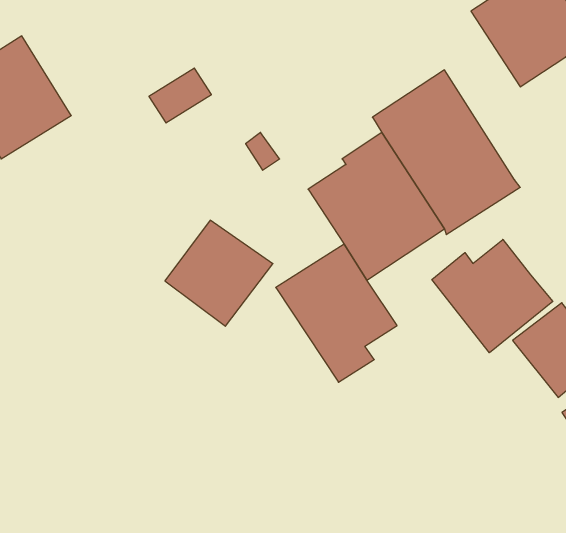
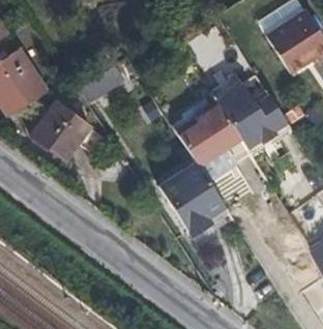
building: [165,220,273,326] -> [30,101,89,159]
building: [432,239,553,353] -> none

